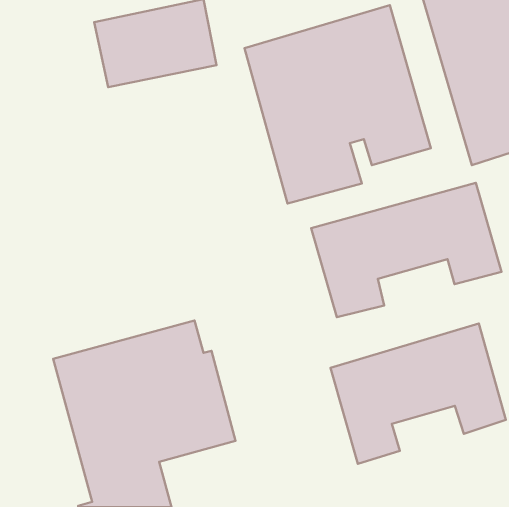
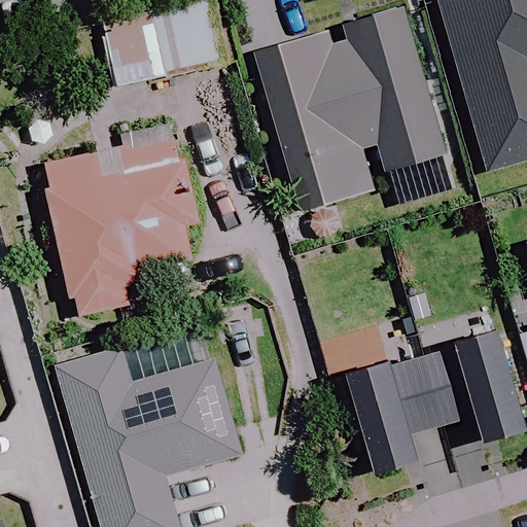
building: none -> [43,137,199,314]
building: [311,183,502,317] -> none

